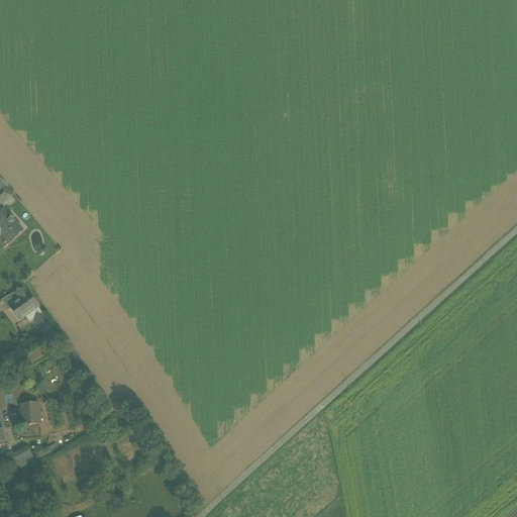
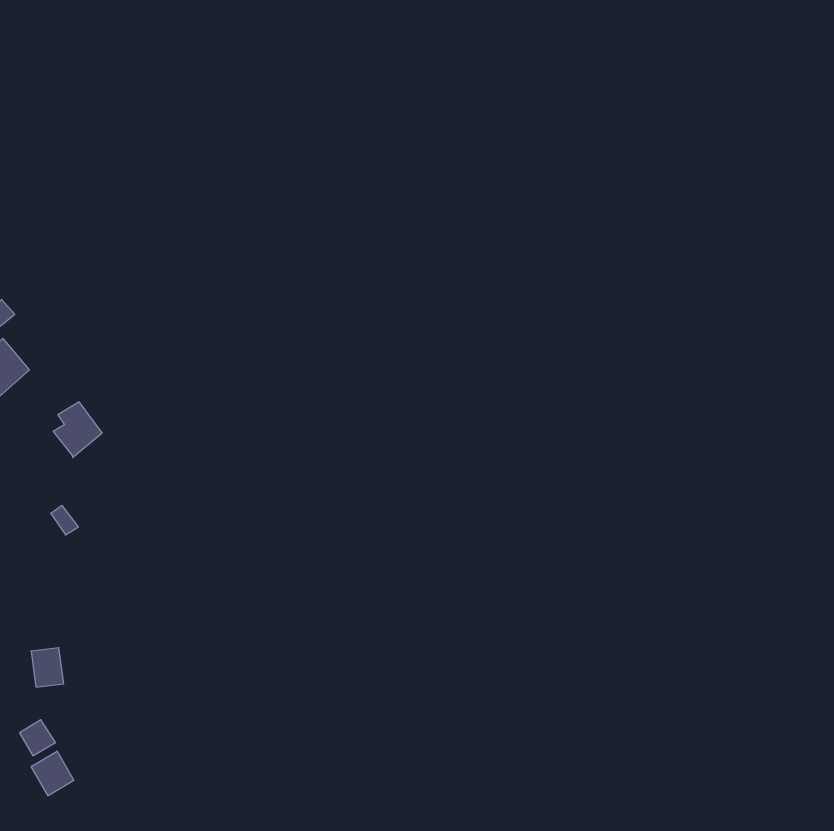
building: [6,285,36,319] -> [53,402,102,458]
building: none -> [31,751,74,796]

